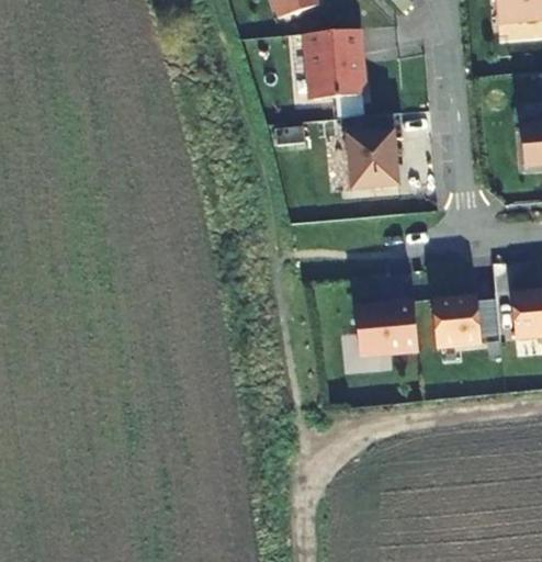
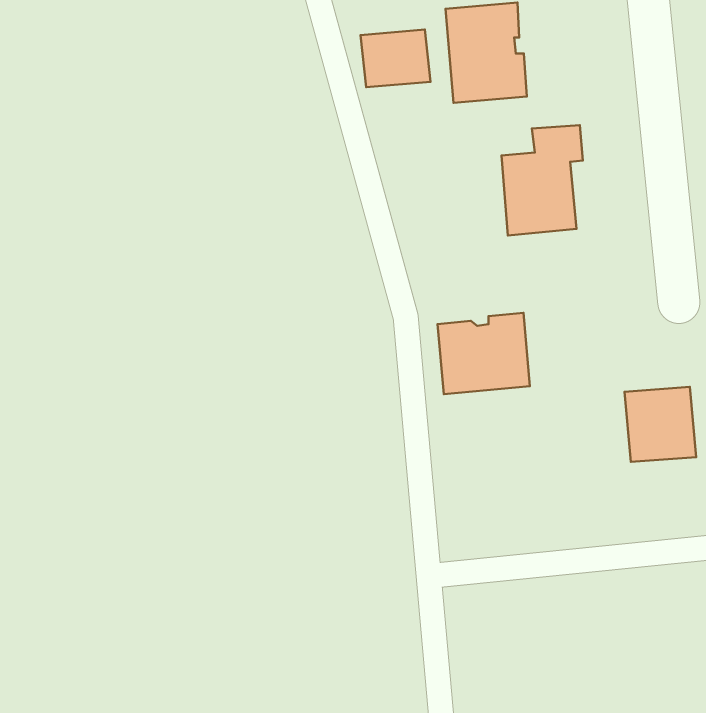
building: none -> [361,29,431,87]
building: [354,300,418,356] -> [437,313,530,394]

